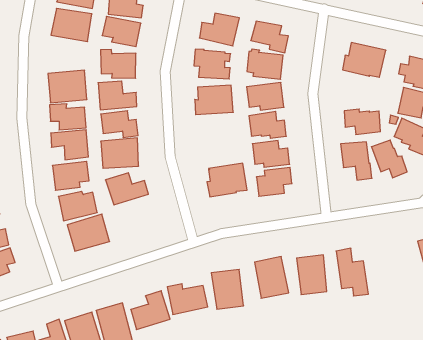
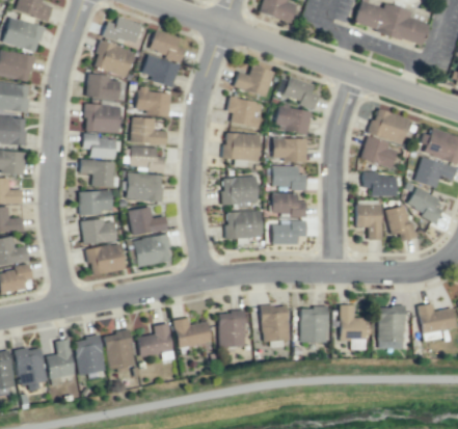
building: none -> [86,74,120,100]
building: none -> [360,136,397,168]
building: none -> [220,176,258,209]
building: none -> [133,234,171,267]
building: none -> [379,305,405,349]

